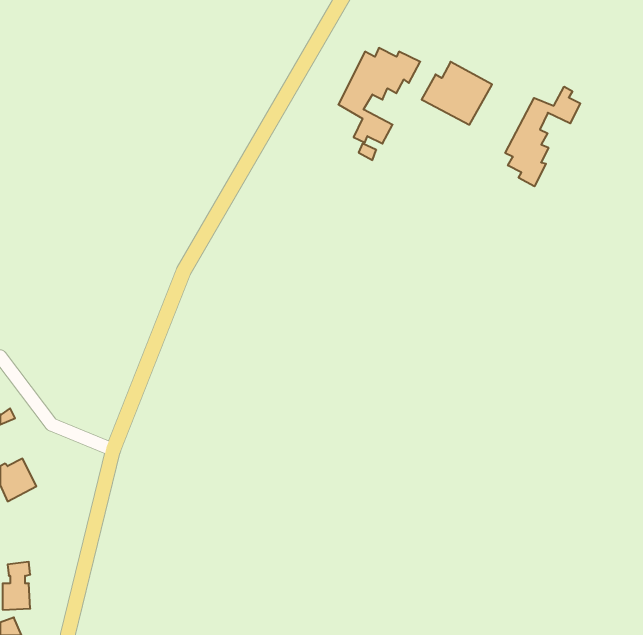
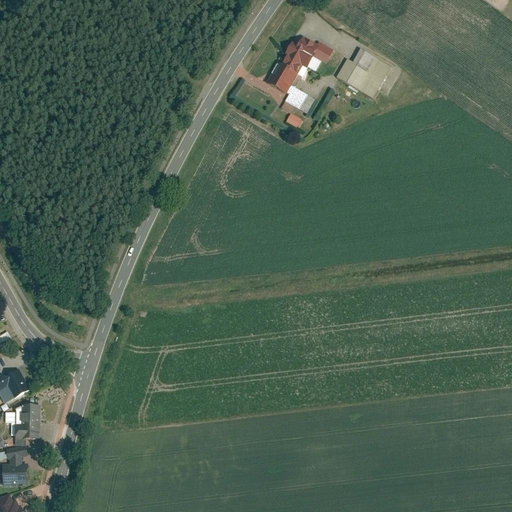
building: [505,87,580,186] -> none
building: none -> [5,405,37,438]

